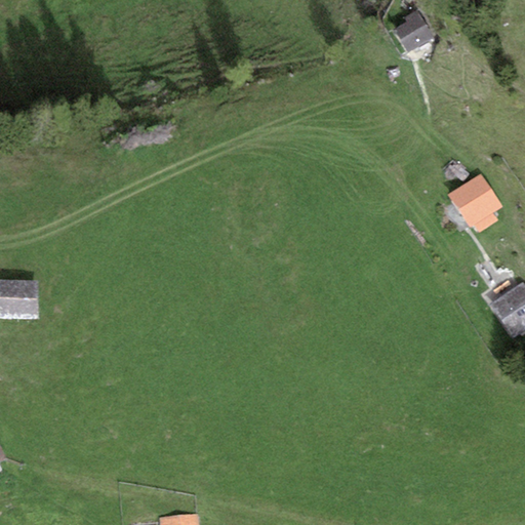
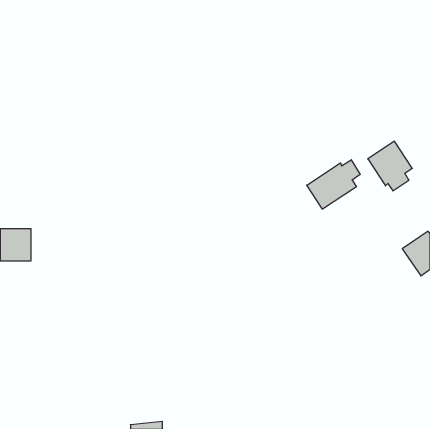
building: [393,13,434,58] -> none
building: none -> [307,160,360,209]

